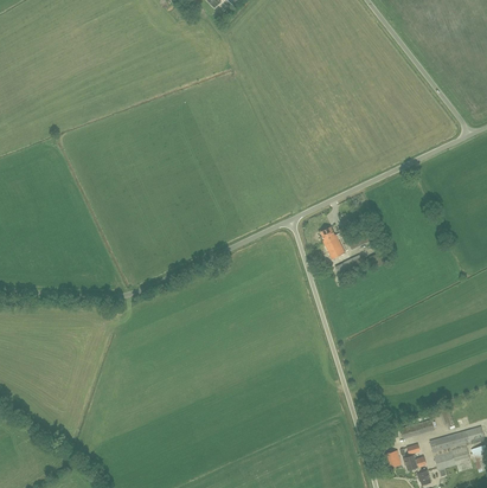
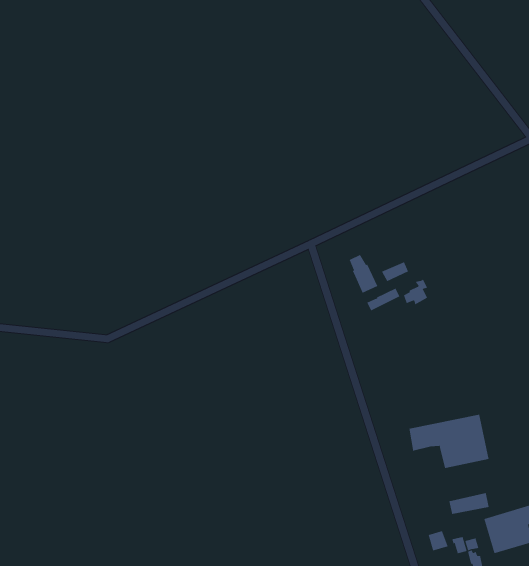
building: none -> [409,414,489,469]

